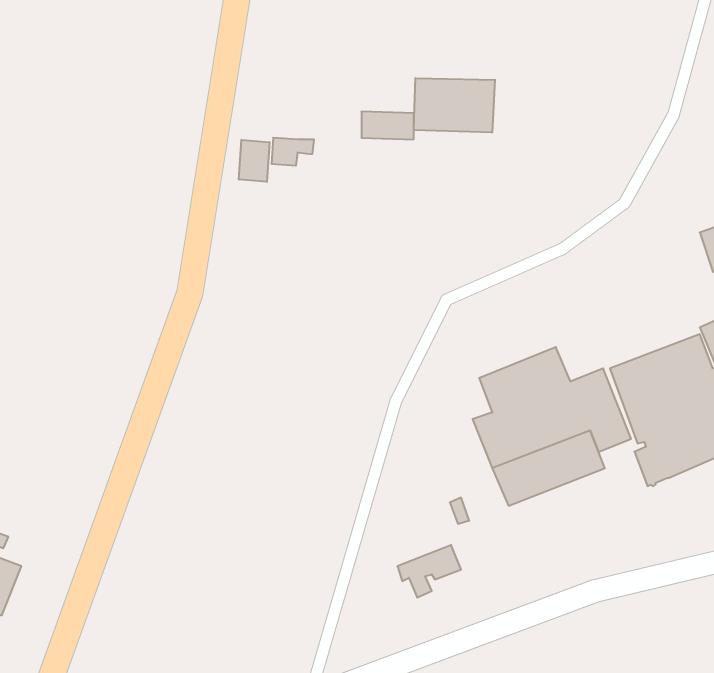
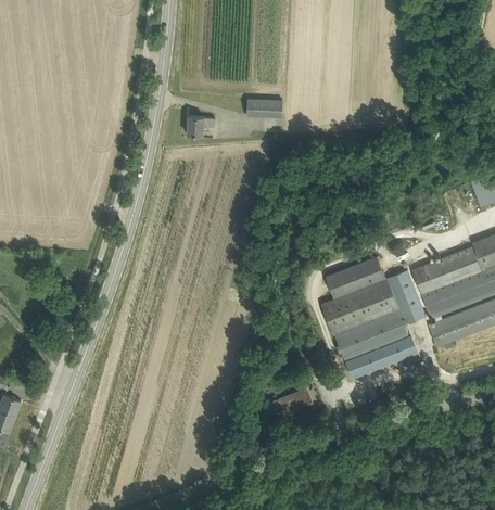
building: [414,78,495,133] -> none
building: [239,140,269,182] -> none
building: none -> [344,336,418,380]

